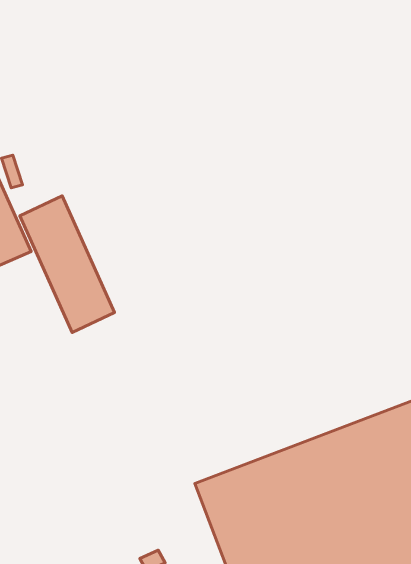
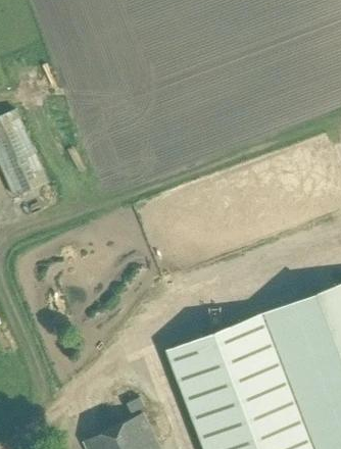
building: [20,196,115,332] -> none

